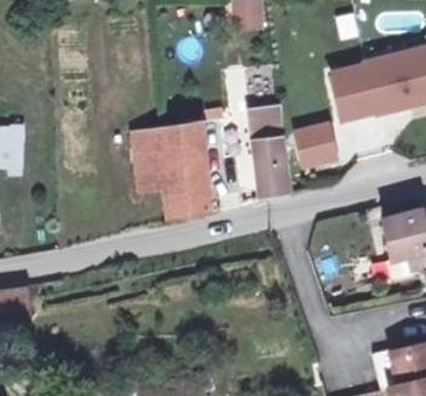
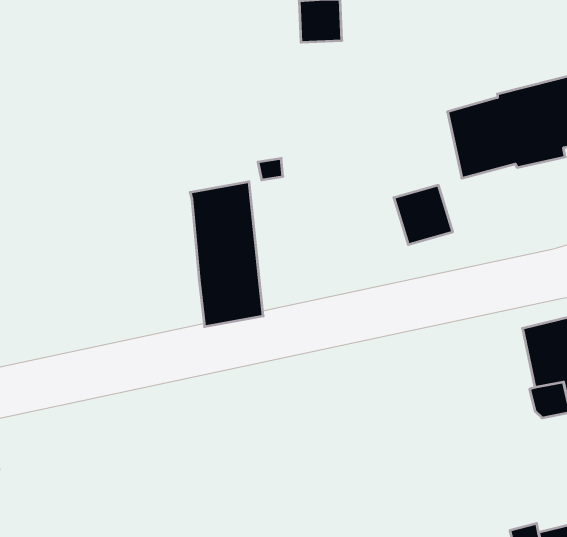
building: [248,107,289,198] -> none
building: [136,134,166,188] -> none

